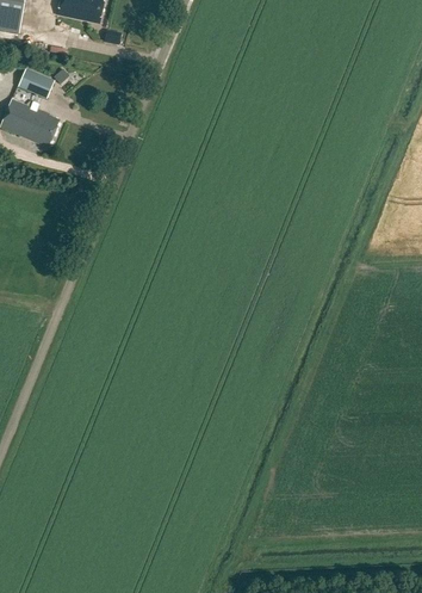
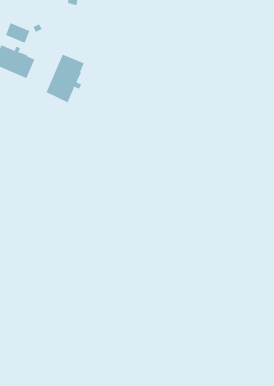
building: none -> [46,54,84,103]

